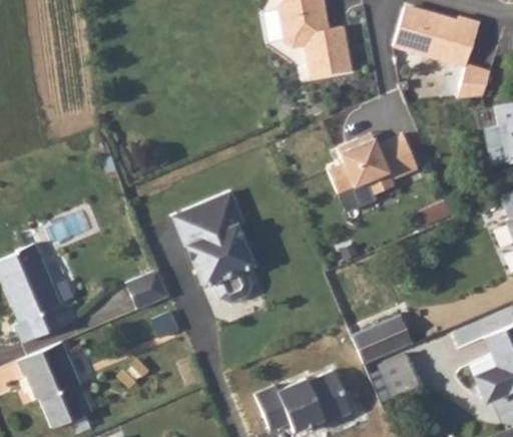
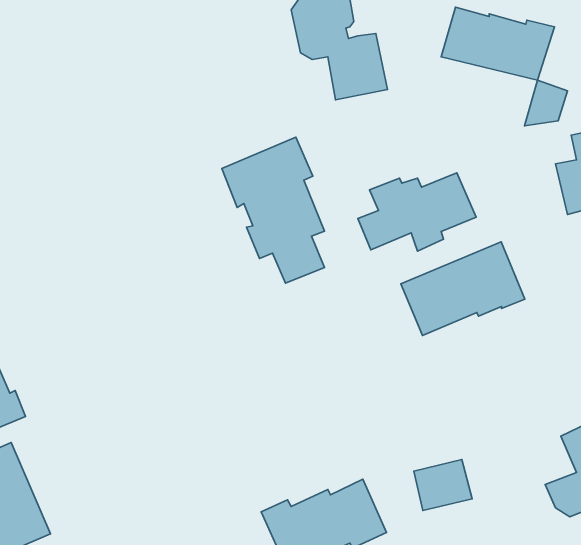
building: none -> [401,242,525,335]
building: [175,194,254,307] -> [222,137,325,283]
building: [127,270,170,310] -> none
building: [352,313,412,363] -> none

